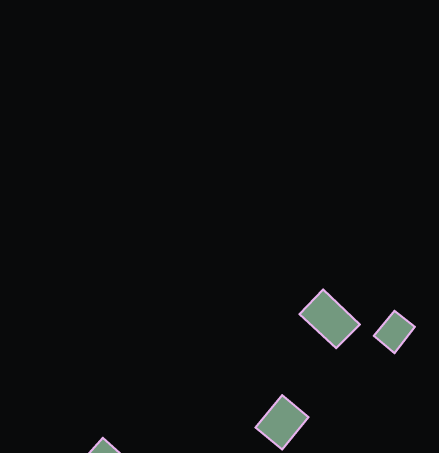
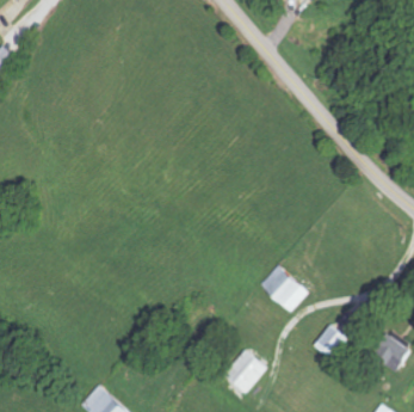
building: [374,311,415,353] -> [313,324,346,358]

